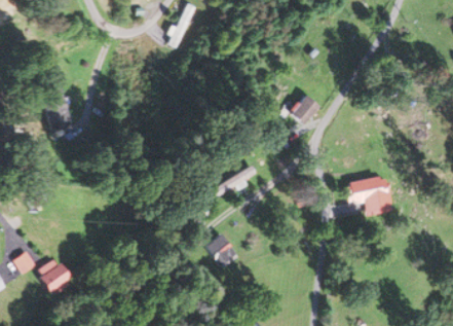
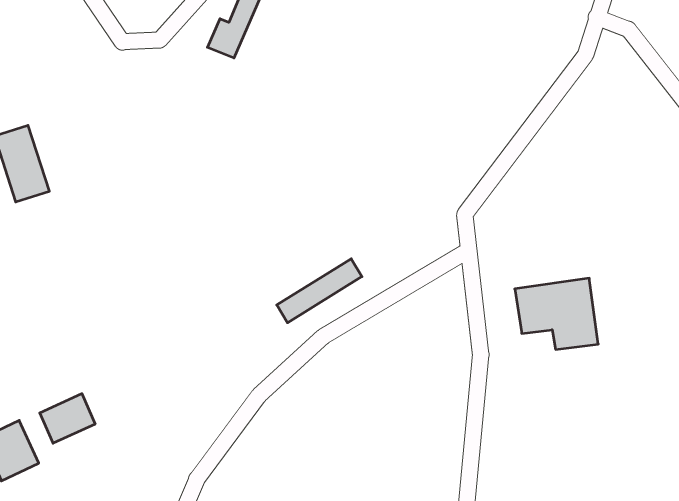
building: [287,93,318,125] -> none
building: [205,232,240,267] -> none
building: none -> [40,394,95,443]

